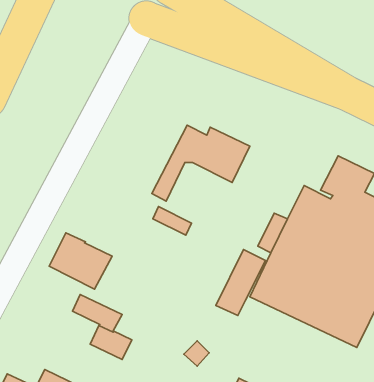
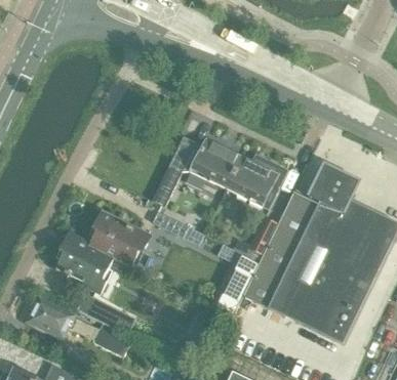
building: none -> [227,153,288,208]
building: none -> [89,214,148,266]
building: none -> [30,299,95,337]

